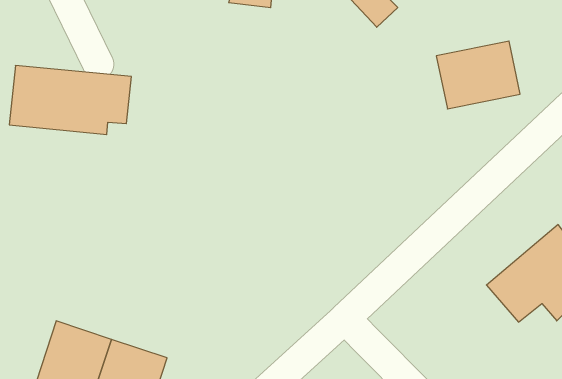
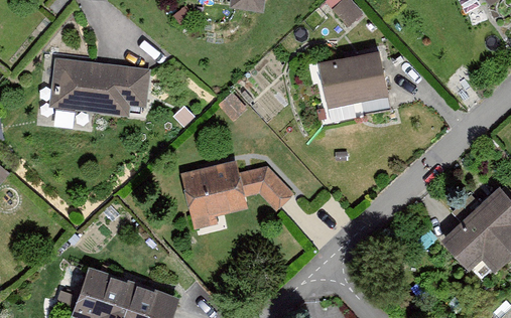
building: [436,41,520,109] -> [318,52,387,108]
building: none -> [180,162,291,230]

